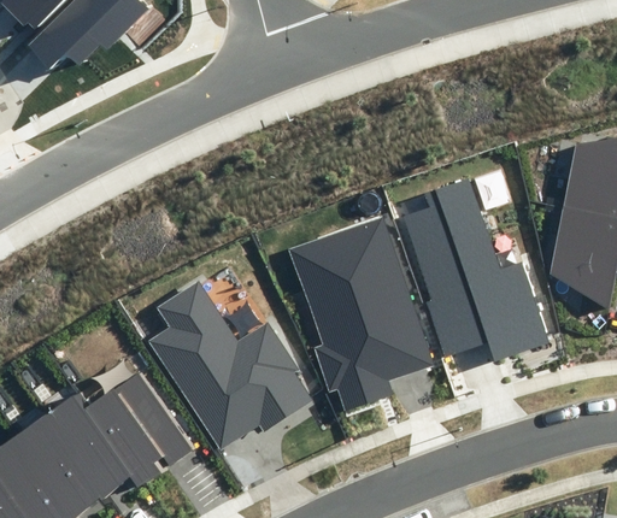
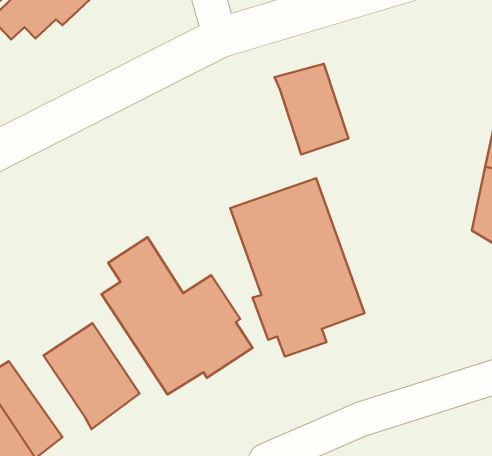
building: none -> [275,64,349,154]
building: [402,178,547,358] -> none
building: [49,394,131,496] -> none

